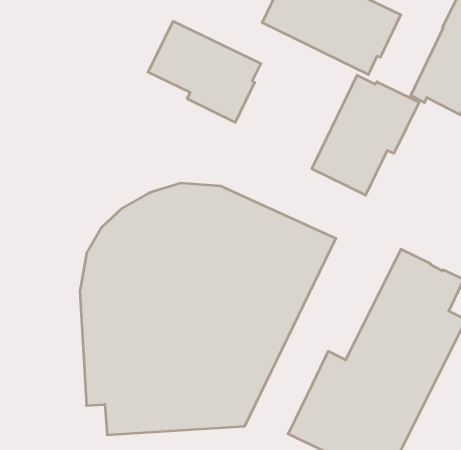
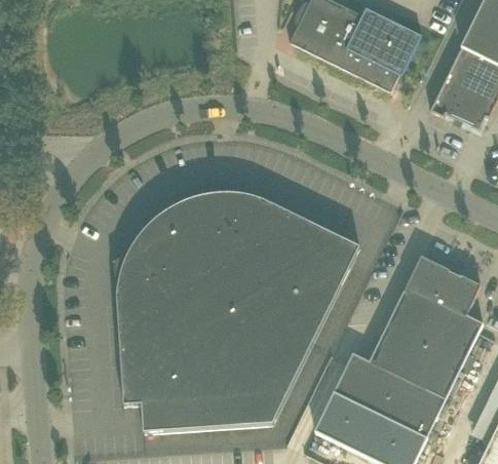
building: [148,21,261,122] -> none
building: [312,75,419,195] -> none

